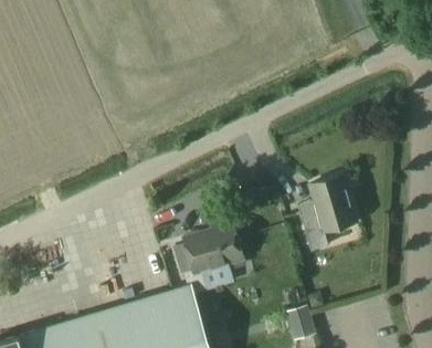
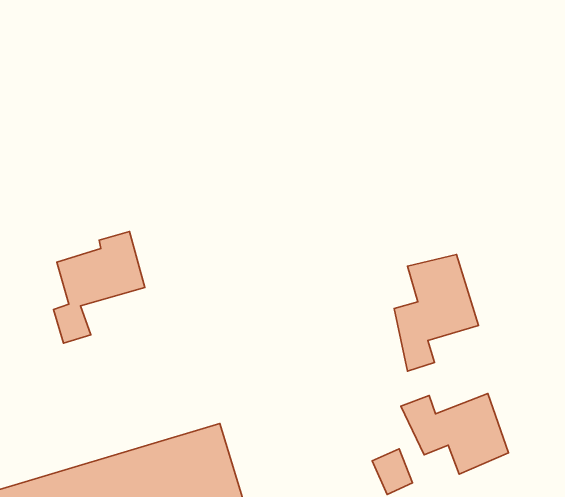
building: [186,222,245,295] -> [53,232,145,343]
building: none -> [401,393,508,474]

